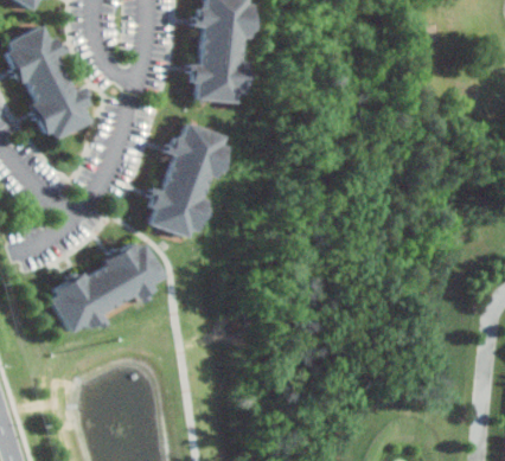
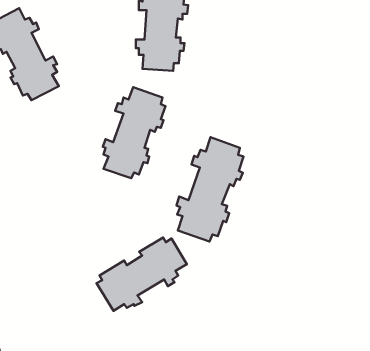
building: none -> [176,137,244,242]
building: [53,243,166,334] -> [97,238,187,311]

